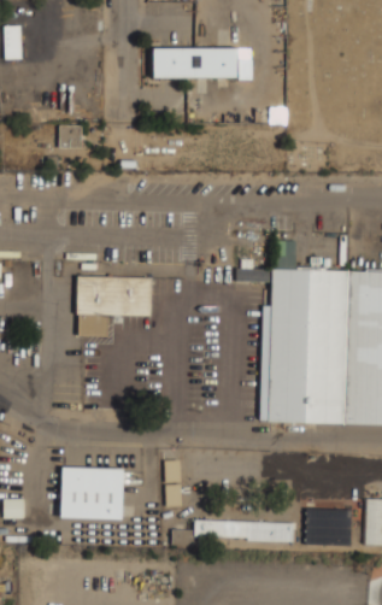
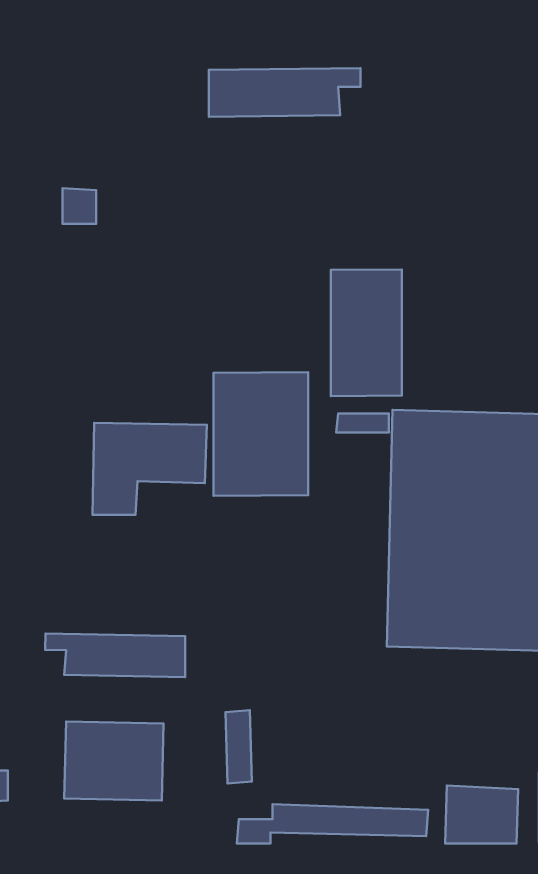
building: none -> [331,269,402,396]
building: none -> [214,372,308,496]
building: none -> [45,633,185,677]

